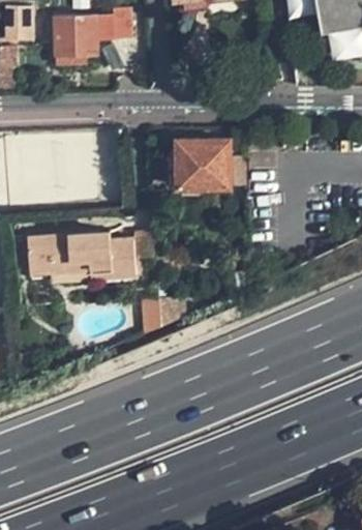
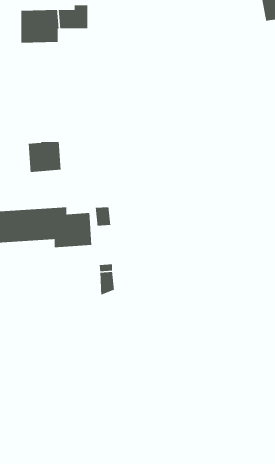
building: [177,140,230,187] -> none
building: none -> [28,141,61,173]

